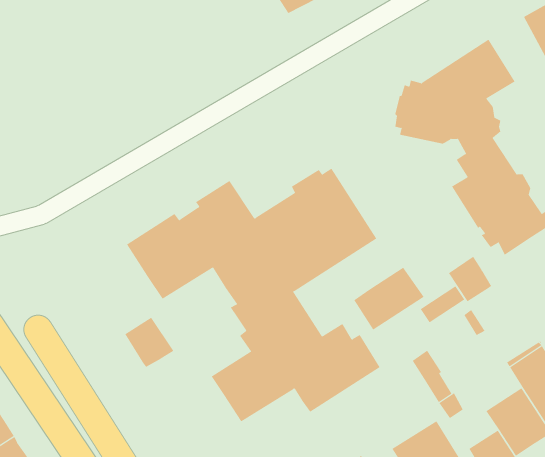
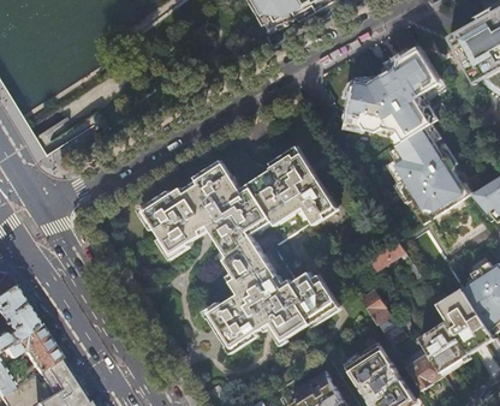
building: [448,256,492,302] -> none
building: [354,267,425,330] -> none
building: [124,317,174,368] -> none

